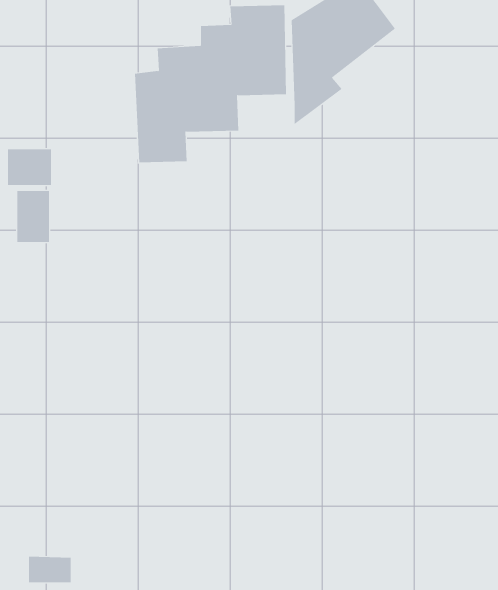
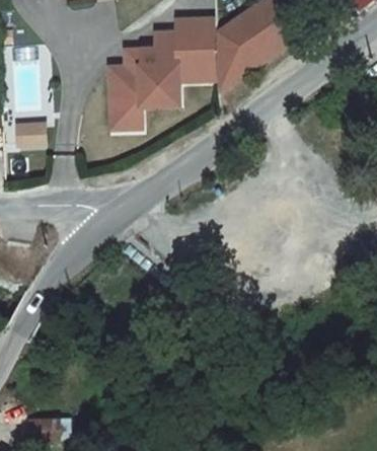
building: [17,190,50,243] -> none

